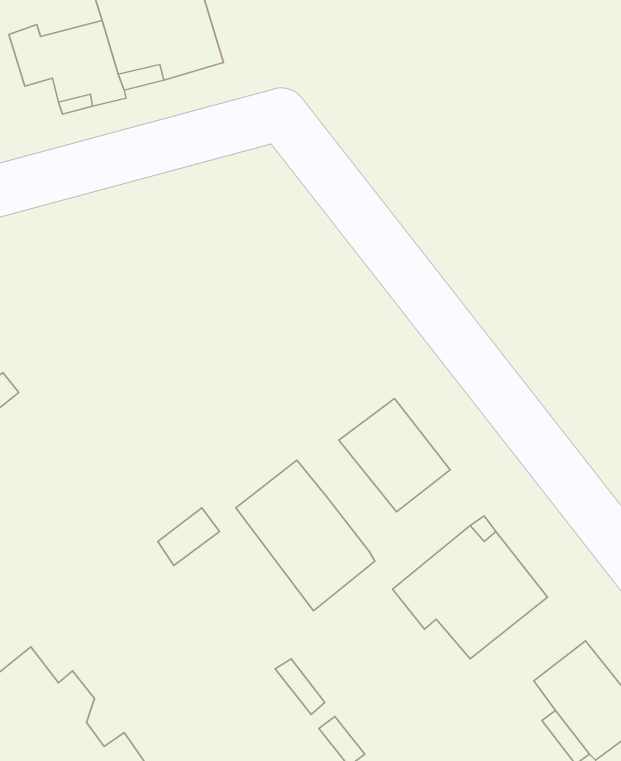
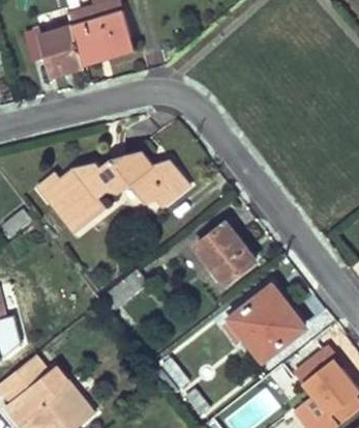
building: none -> [36,151,188,232]
building: [236,460,375,611] -> none

